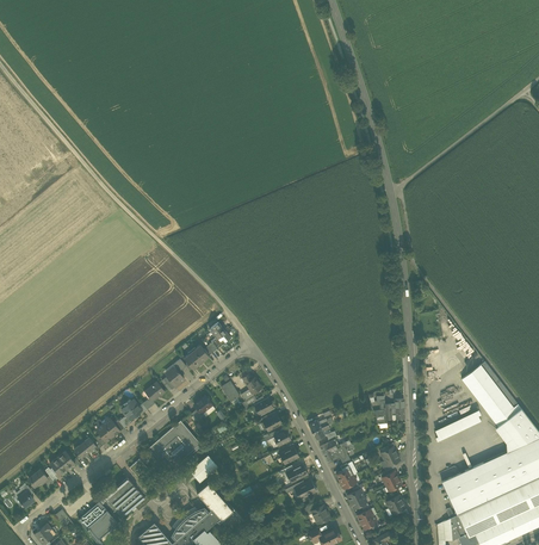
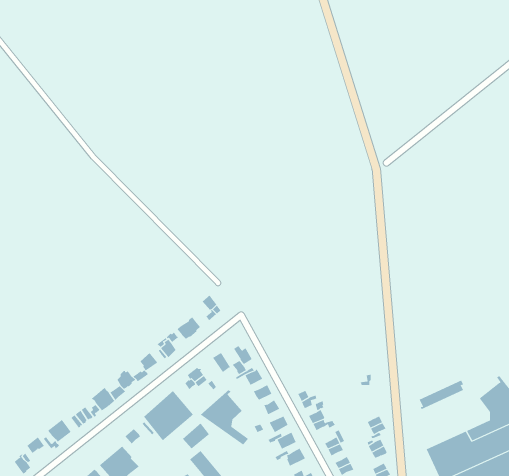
building: [461,363,518,429] -> none
building: none -> [200,389,249,446]

